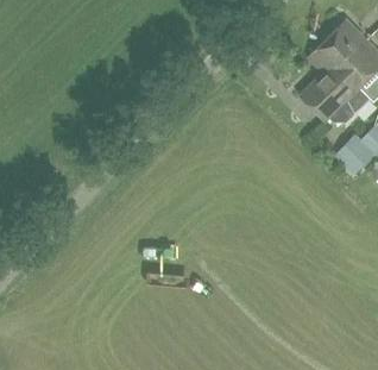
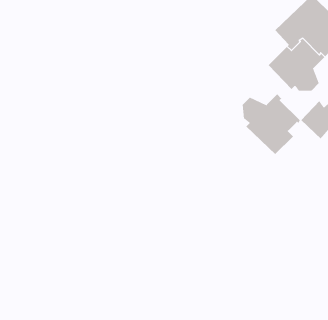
building: none -> [242,94,300,155]

